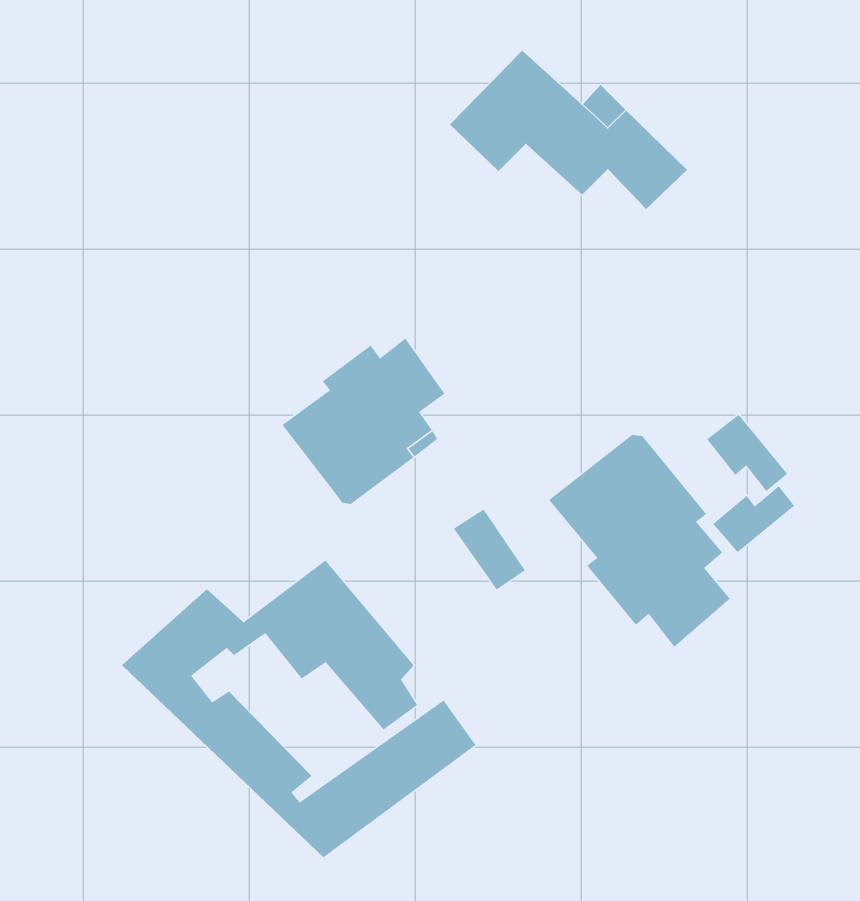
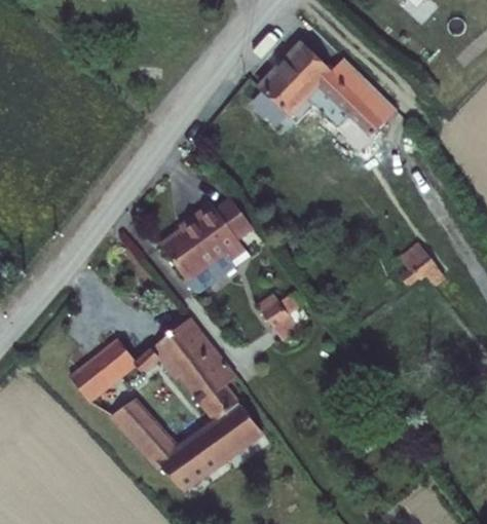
building: [548,434,731,648] -> none
building: [712,485,795,553] -> none

